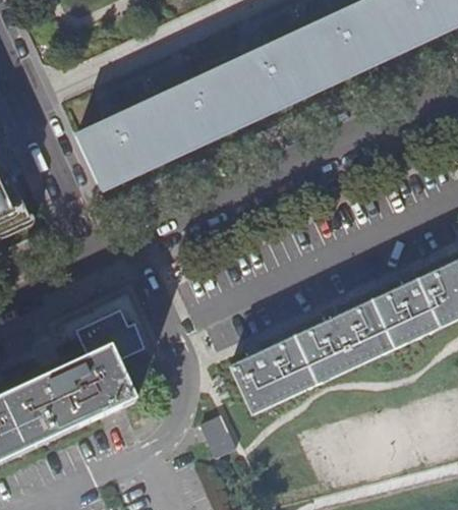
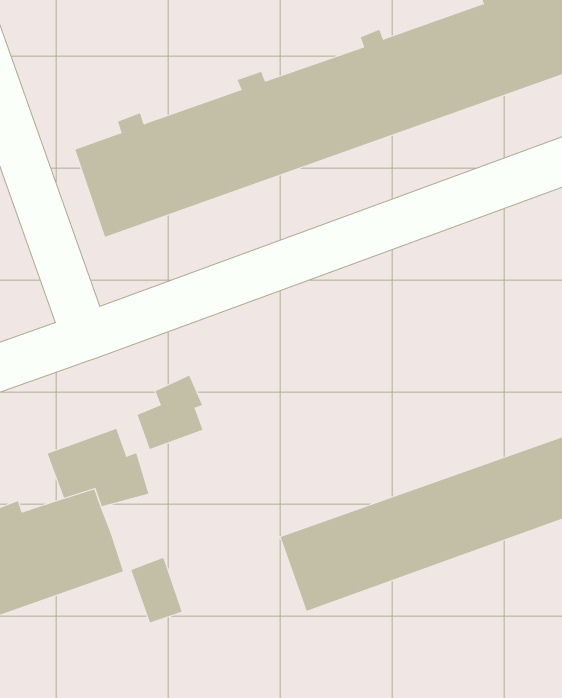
building: none -> [137,375,203,450]
building: [201,414,236,457] -> [130,557,183,623]

